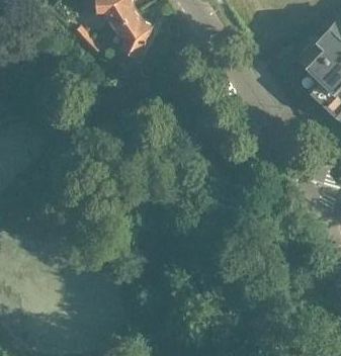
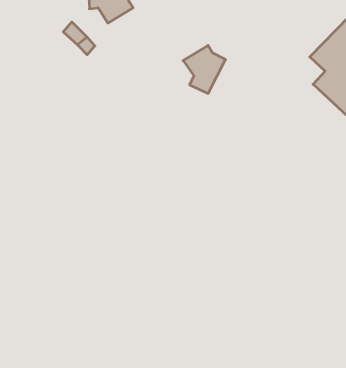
building: [113,11,153,56] -> [183,45,226,93]

